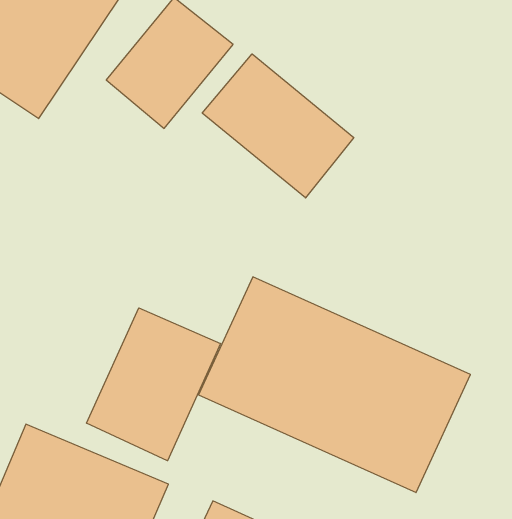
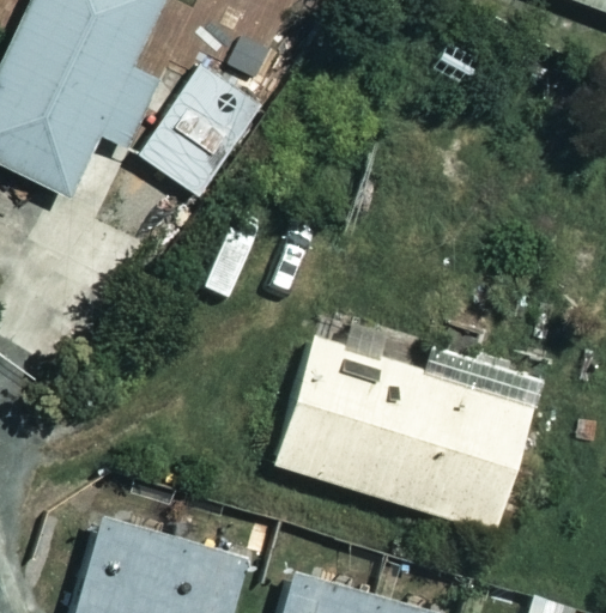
building: [202,54,354,198] -> none
building: [87,308,220,461] -> none

